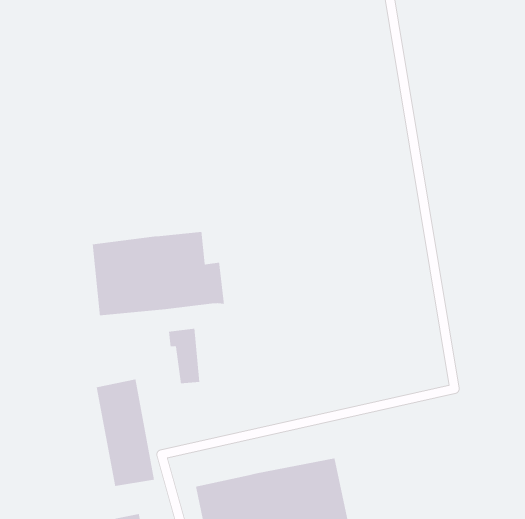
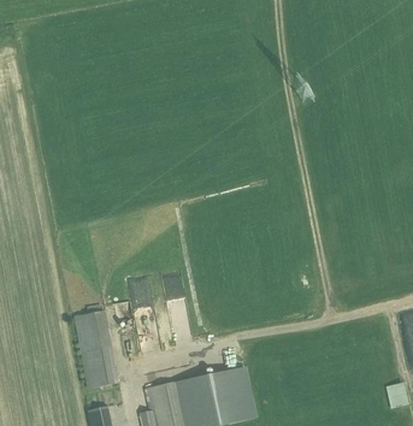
building: [92,231,224,316] -> none

